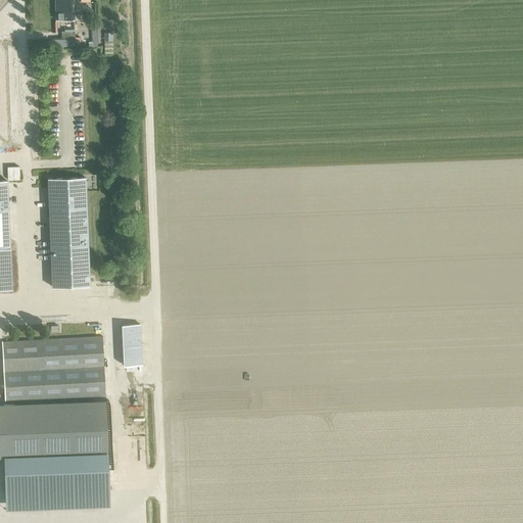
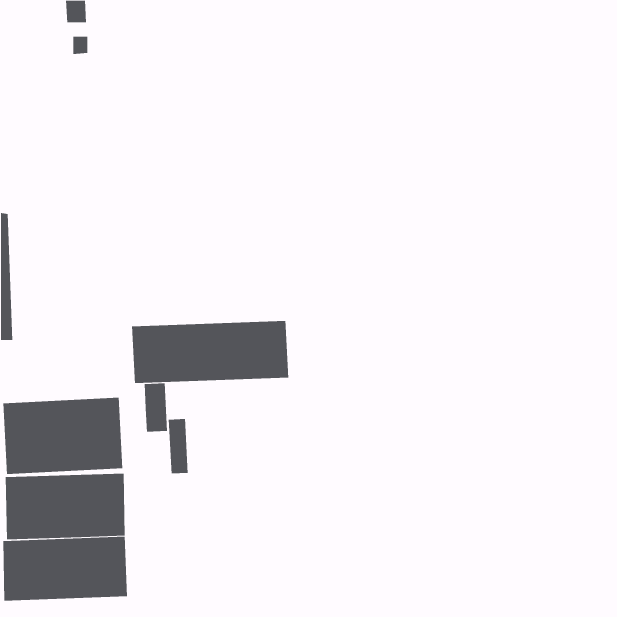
building: [48,178,89,287] -> none
building: none -> [132,320,289,384]
building: none -> [168,418,188,474]

